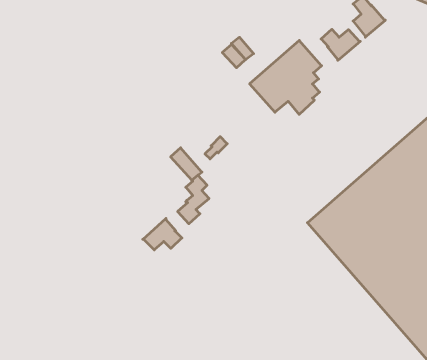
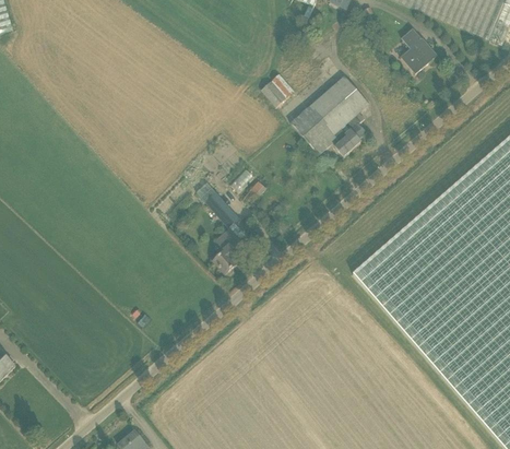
building: [321,29,360,60] -> none
building: [143,218,182,250] -> none

